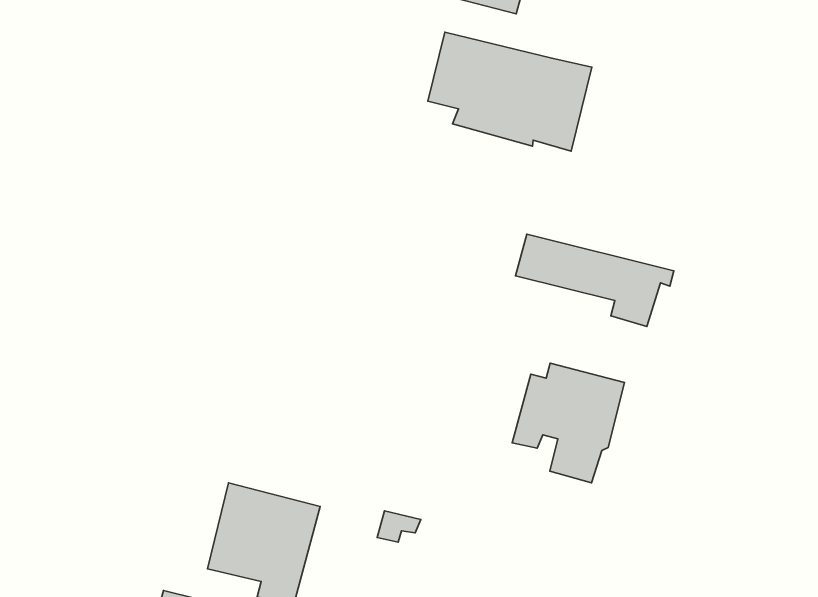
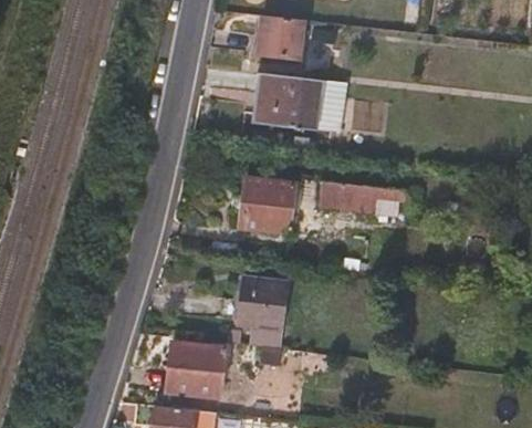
building: none -> [239,173,296,233]
building: [512,363,624,483] -> [229,282,288,346]

